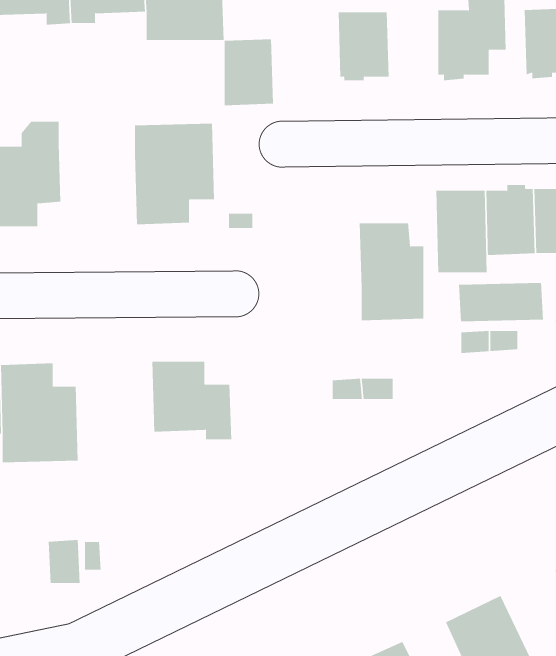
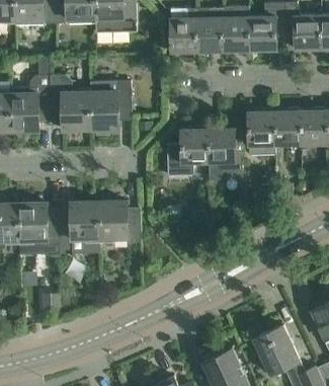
building: none -> [222,15,248,53]
building: [224,39,274,106] -> [170,16,196,52]
building: none -> [49,86,89,129]
building: none -> [166,128,208,175]
building: [458,282,543,322] -> none
building: none -> [58,201,99,253]

